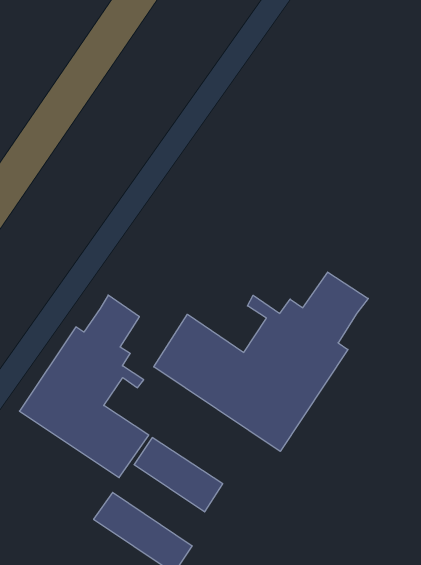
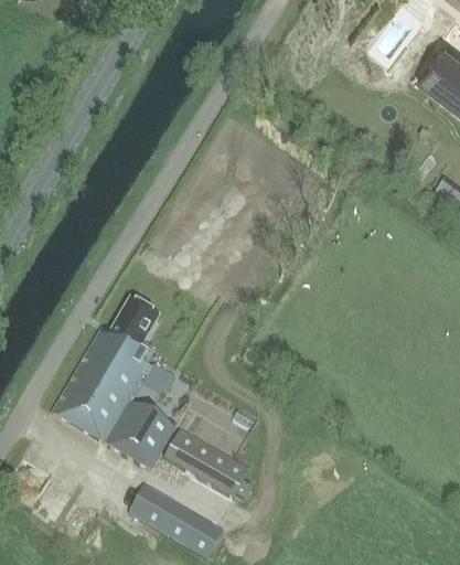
building: [154,272,368,451] -> none

